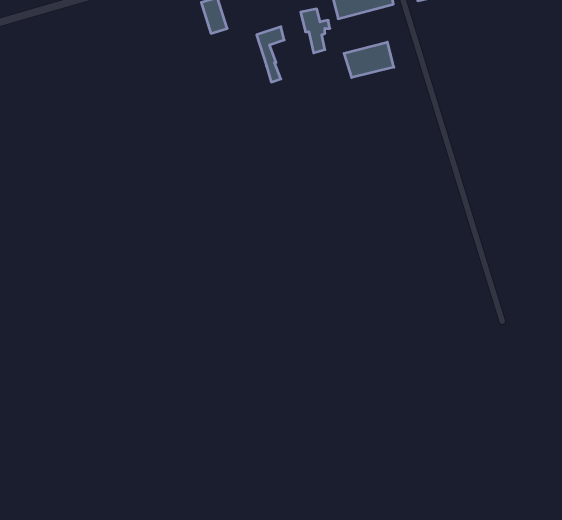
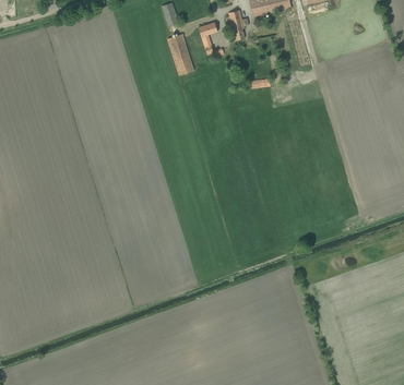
building: [344,42,394,78] -> none
building: none -> [167,34,194,74]

